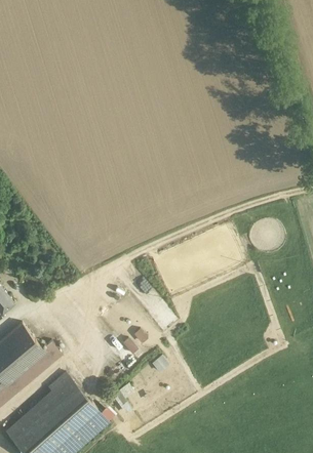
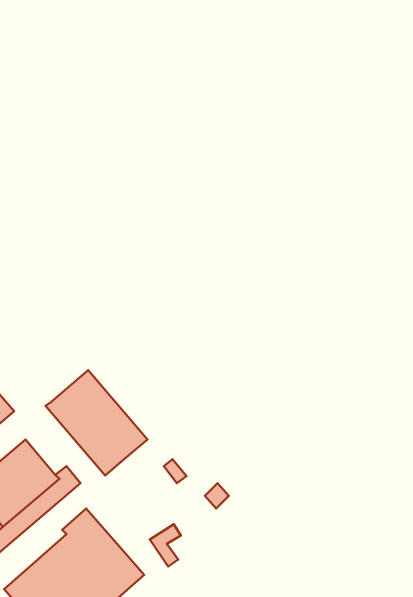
building: none -> [46,370,148,476]

